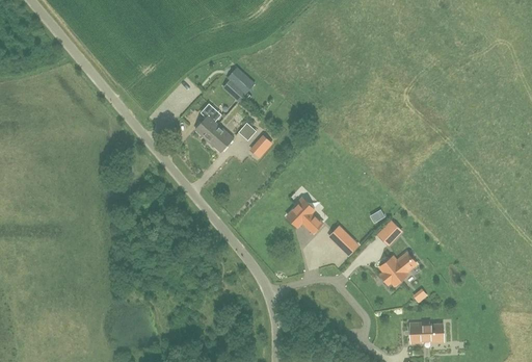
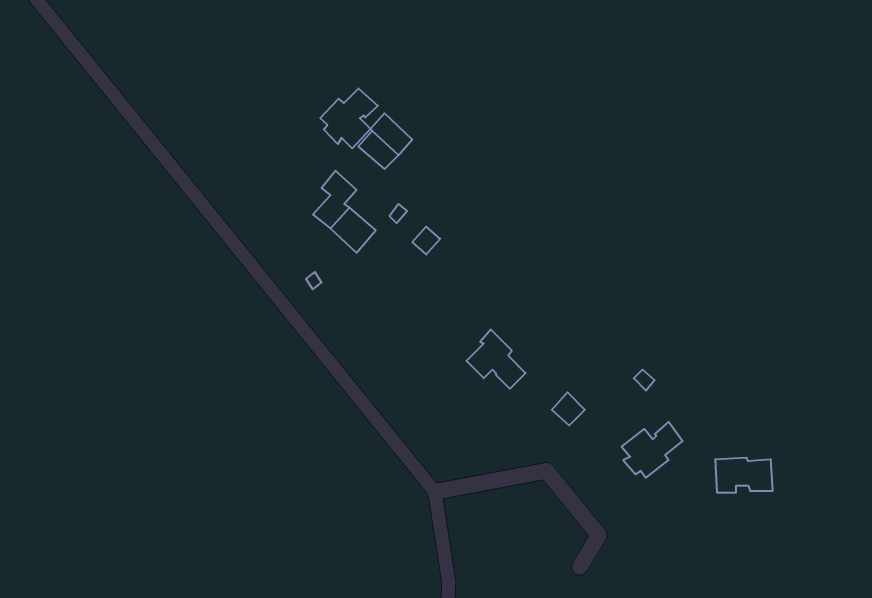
building: none -> [320,88,378,148]
building: [409,321,444,342] -> [715,458,773,493]

